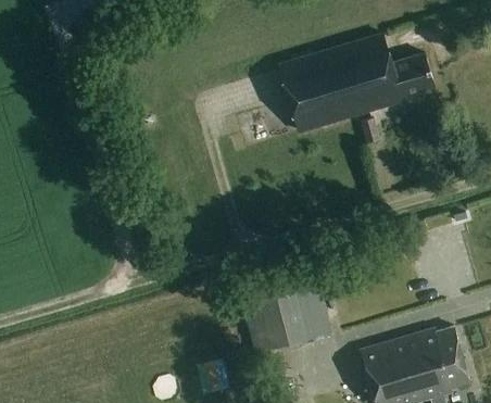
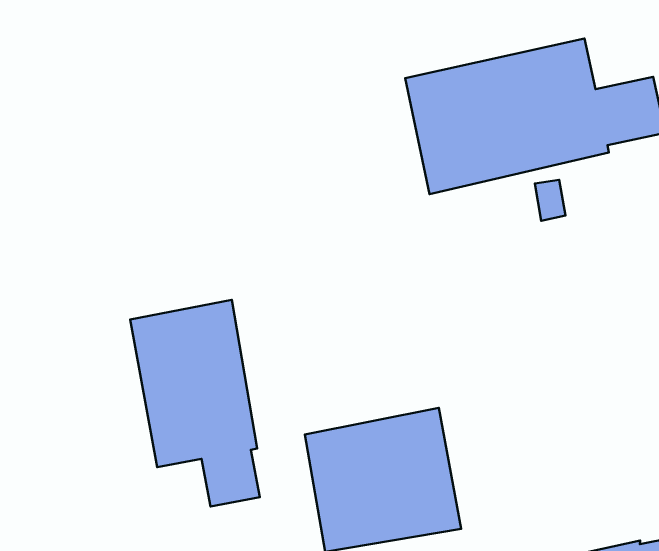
building: none -> [130,300,260,506]

